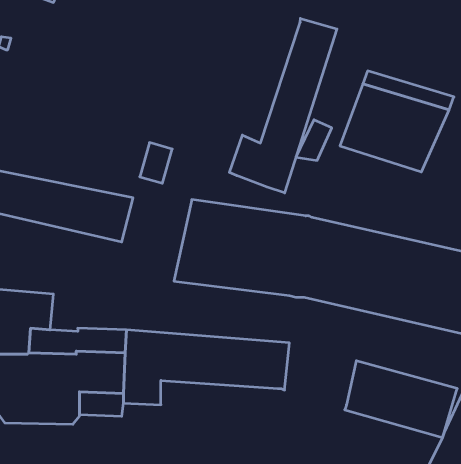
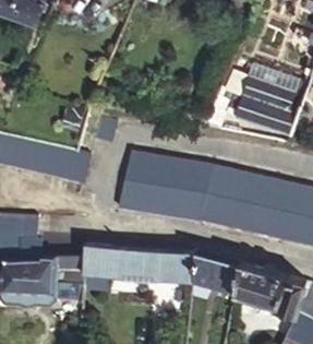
building: [229,18,337,193] -> none
building: none -> [193,251,241,293]

